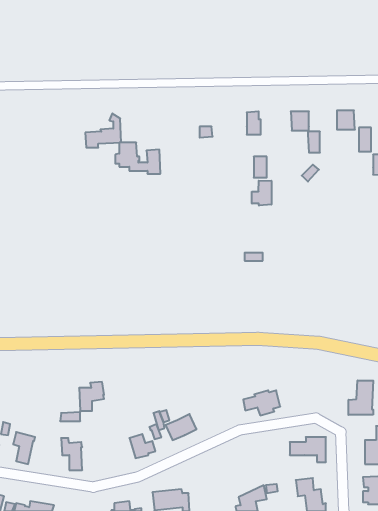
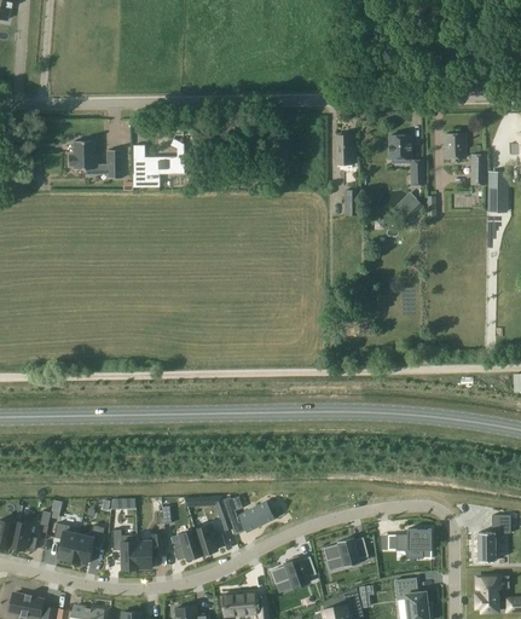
building: [115,143,160,174] -> [68,140,122,178]
building: [252,181,271,206] -> none
building: [348,380,373,415] -> none
building: [79,382,104,411] -> [135,533,166,568]
building: [243,390,280,415] -> [323,537,367,567]
building: none -> [71,525,103,563]
building: none -> [173,530,201,560]
building: none -> [270,557,314,588]

